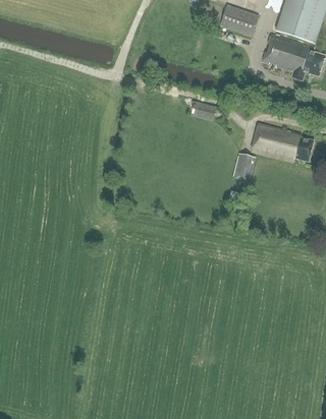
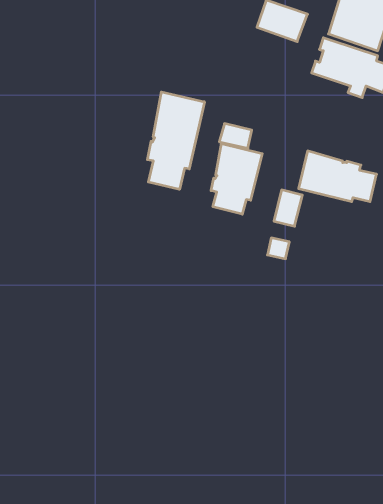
building: none -> [147,92,204,189]
building: none -> [211,143,262,214]

